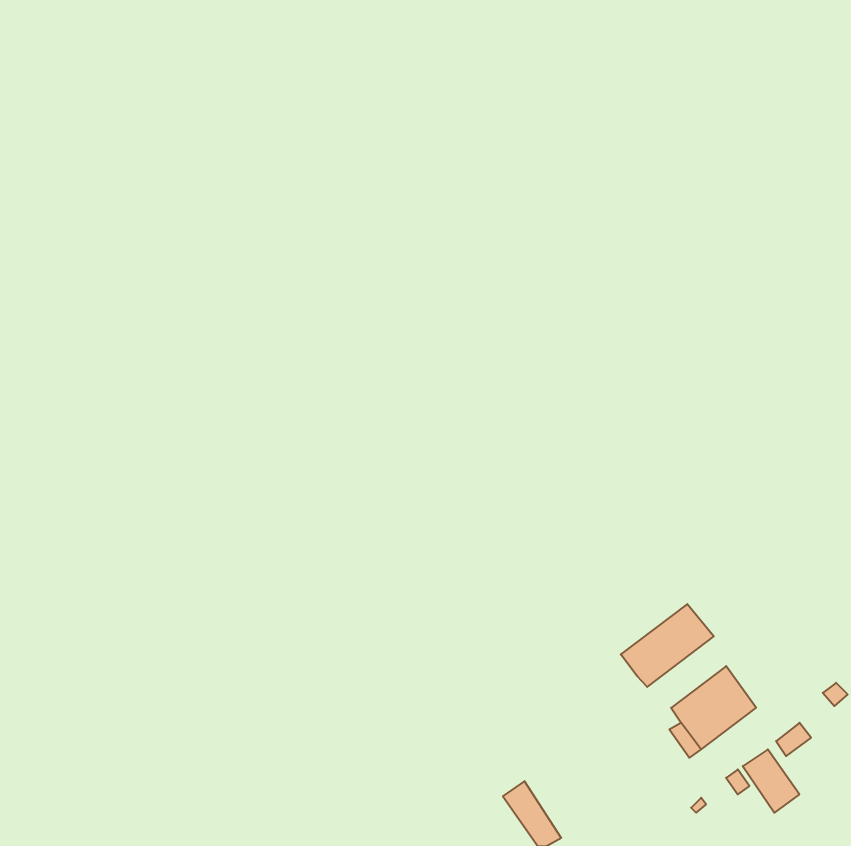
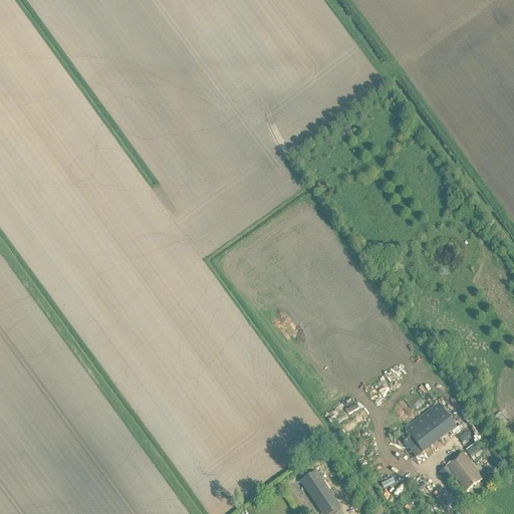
building: [621,604,714,687] -> none

